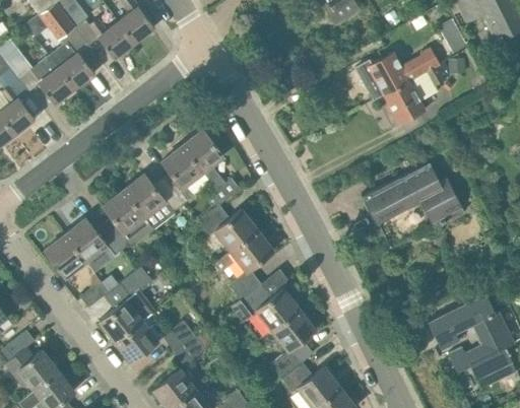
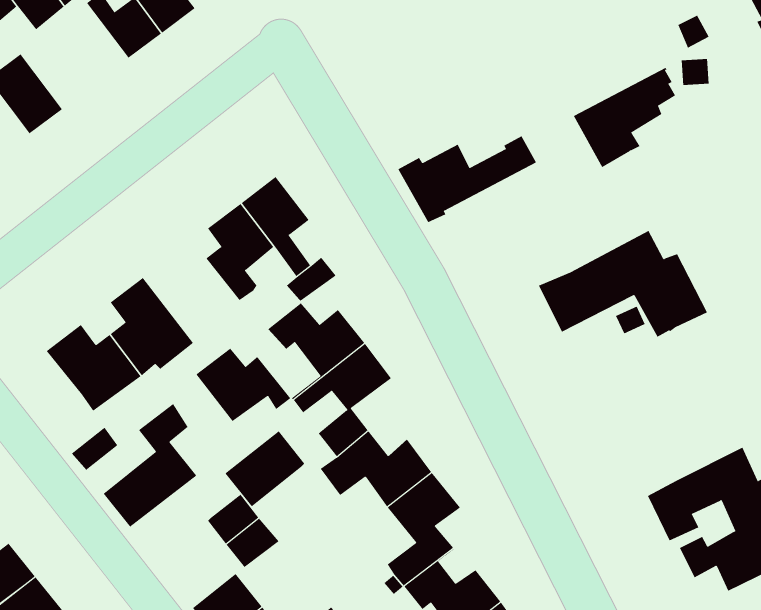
building: [50,40,95,89] -> none
building: [355,48,440,100] -> [398,135,537,223]
building: [124,175,182,219] -> [195,348,291,422]
building: [45,235,86,278] -> none
building: [116,316,165,362] -> [224,430,305,507]

